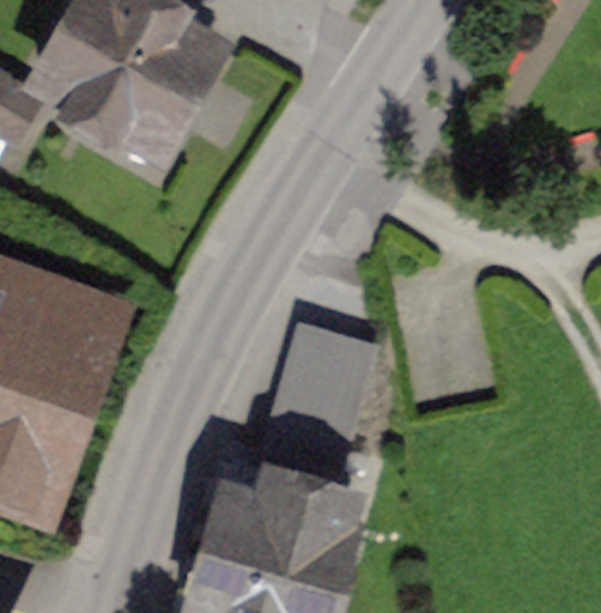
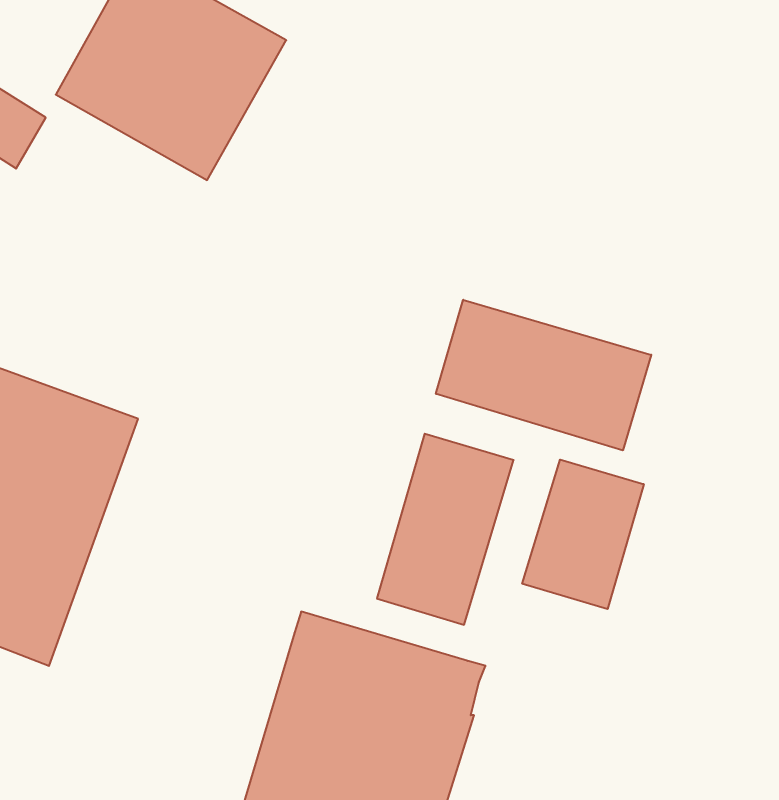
building: none -> [436,300,651,450]
building: none -> [522,460,644,609]

